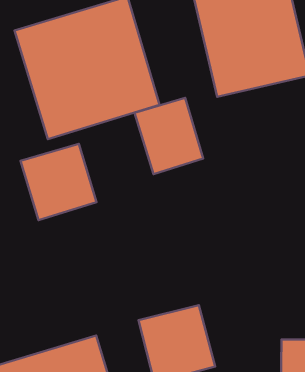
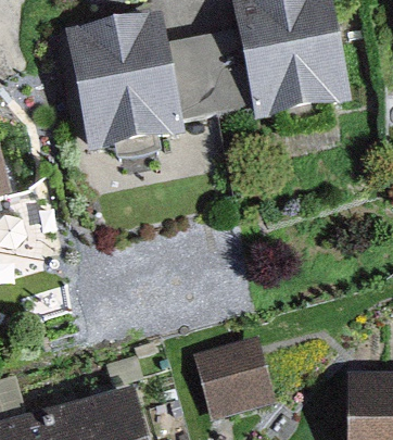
building: [135,98,203,174] -> none
building: [21,144,96,220] -> none

